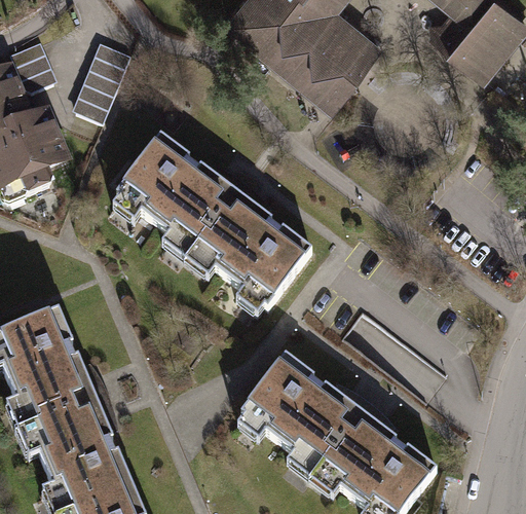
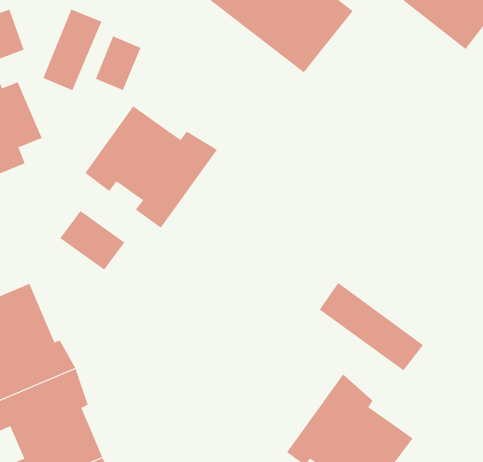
building: none -> [95,36,141,91]
building: [187,181,310,313] -> none
building: none -> [60,210,125,270]
building: [234,356,365,477] -> none

